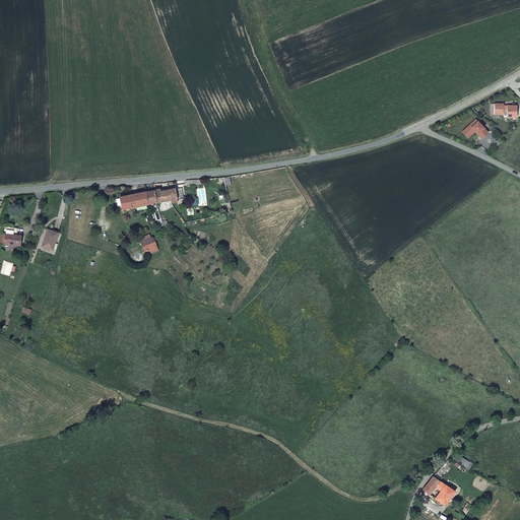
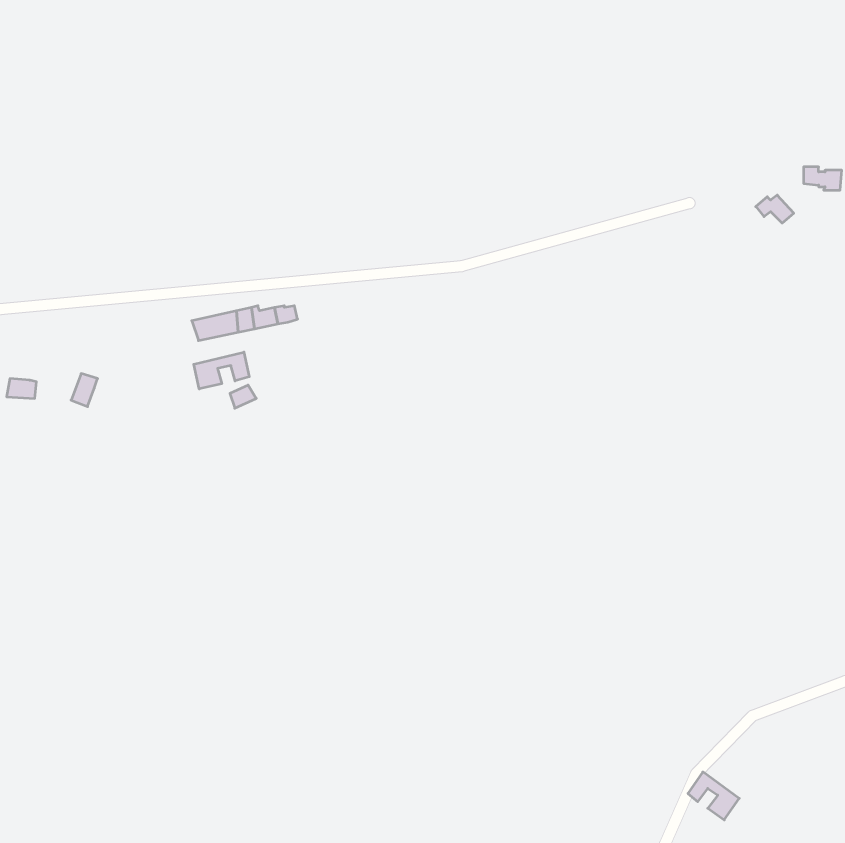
building: none -> [194,352,249,389]

